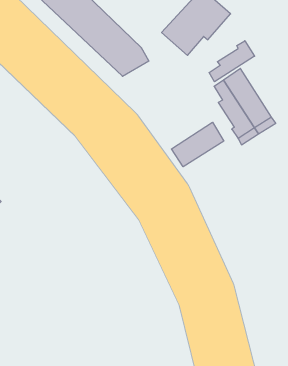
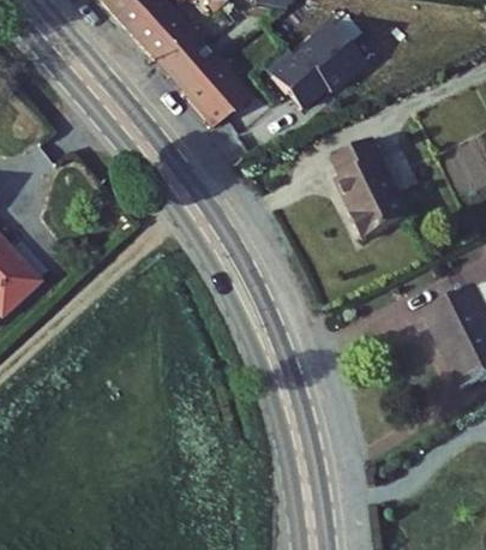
building: [209,41,255,82] -> none
building: [171,122,224,167] -> none

